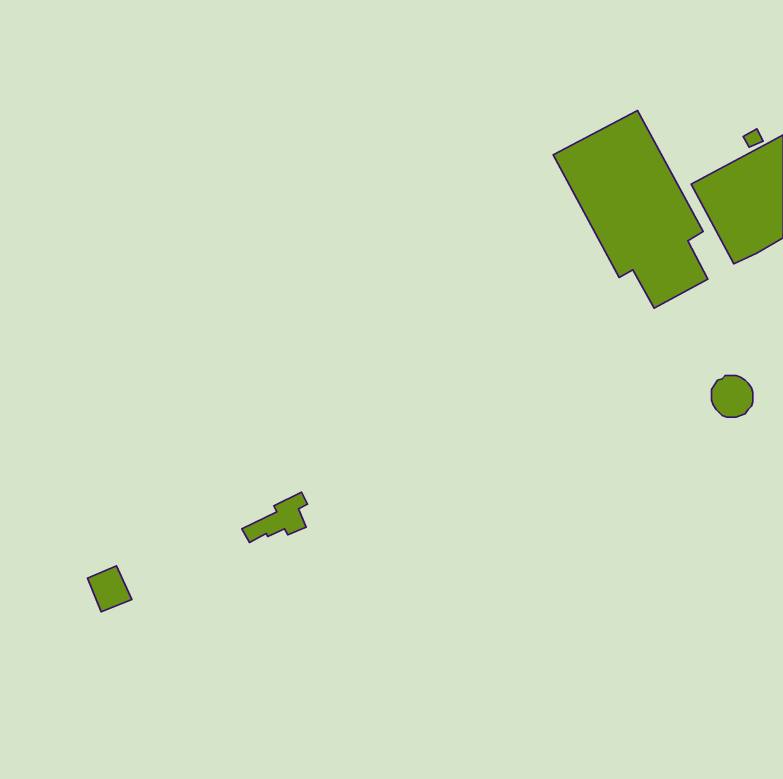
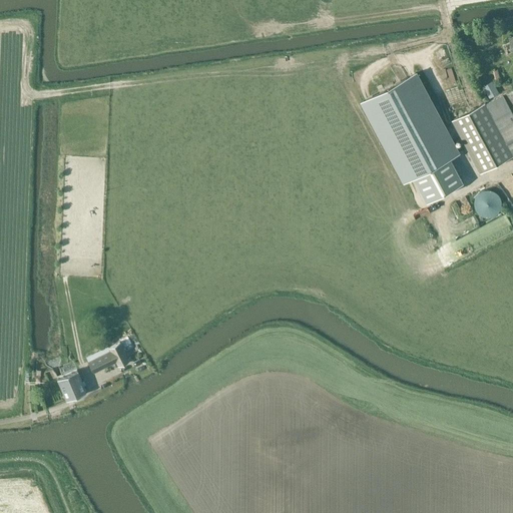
building: [712,376,753,417] -> [475,192,502,219]
building: [242,492,308,543] -> [87,341,130,374]

